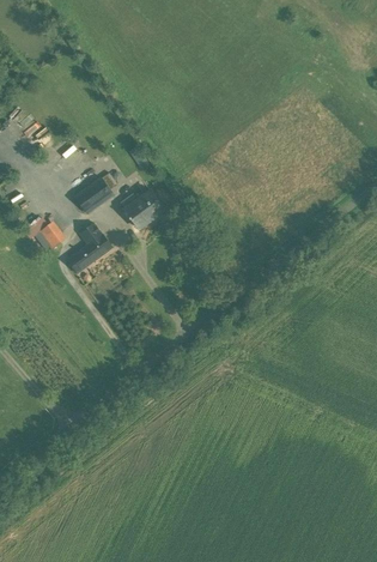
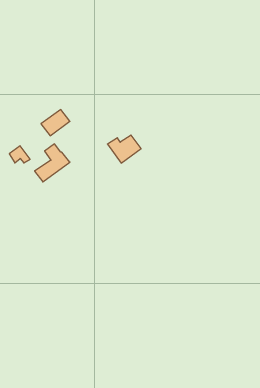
building: [121,191,165,228] -> [107,135,141,163]

